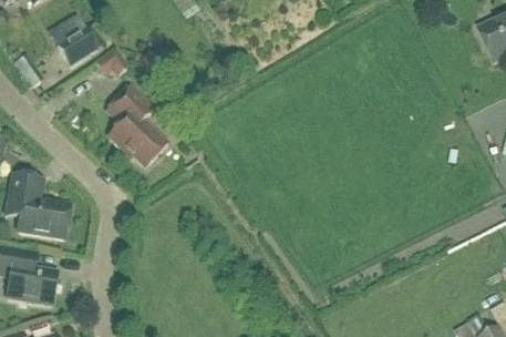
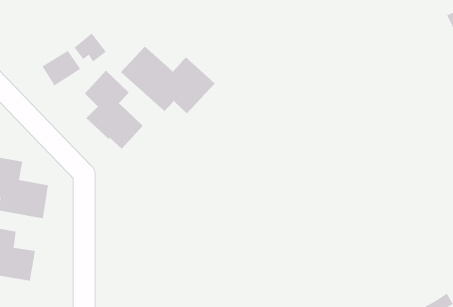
building: [55,25,96,63] -> [41,50,81,86]
building: none -> [120,46,215,114]

